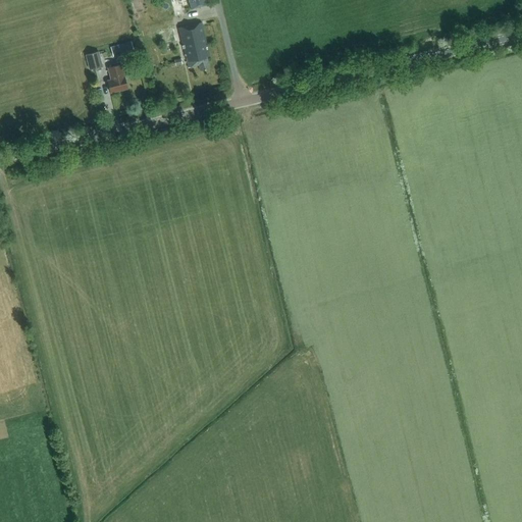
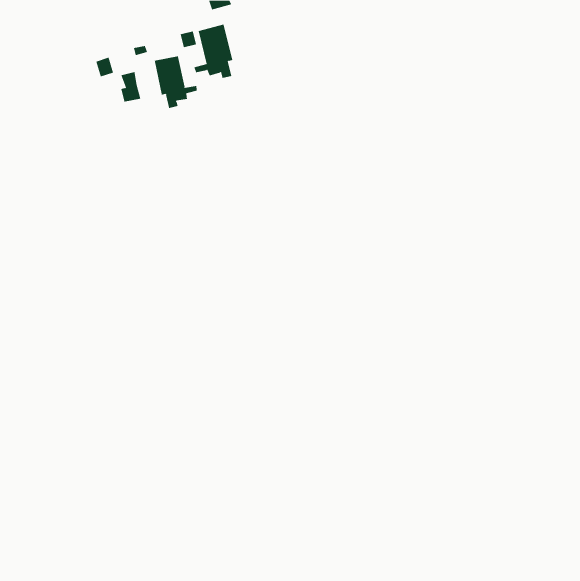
building: none -> [154,55,197,109]

